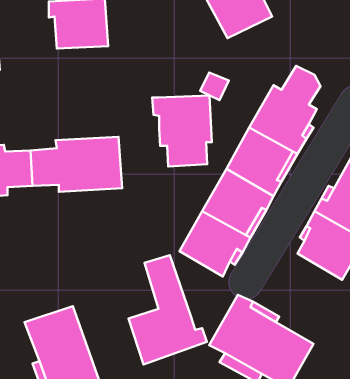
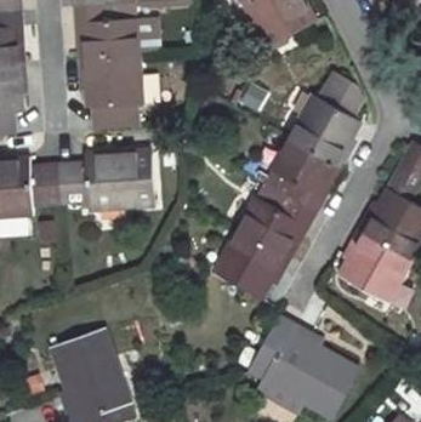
building: [152,95,212,166] -> [80,53,143,129]
building: [129,255,207,364] -> none

